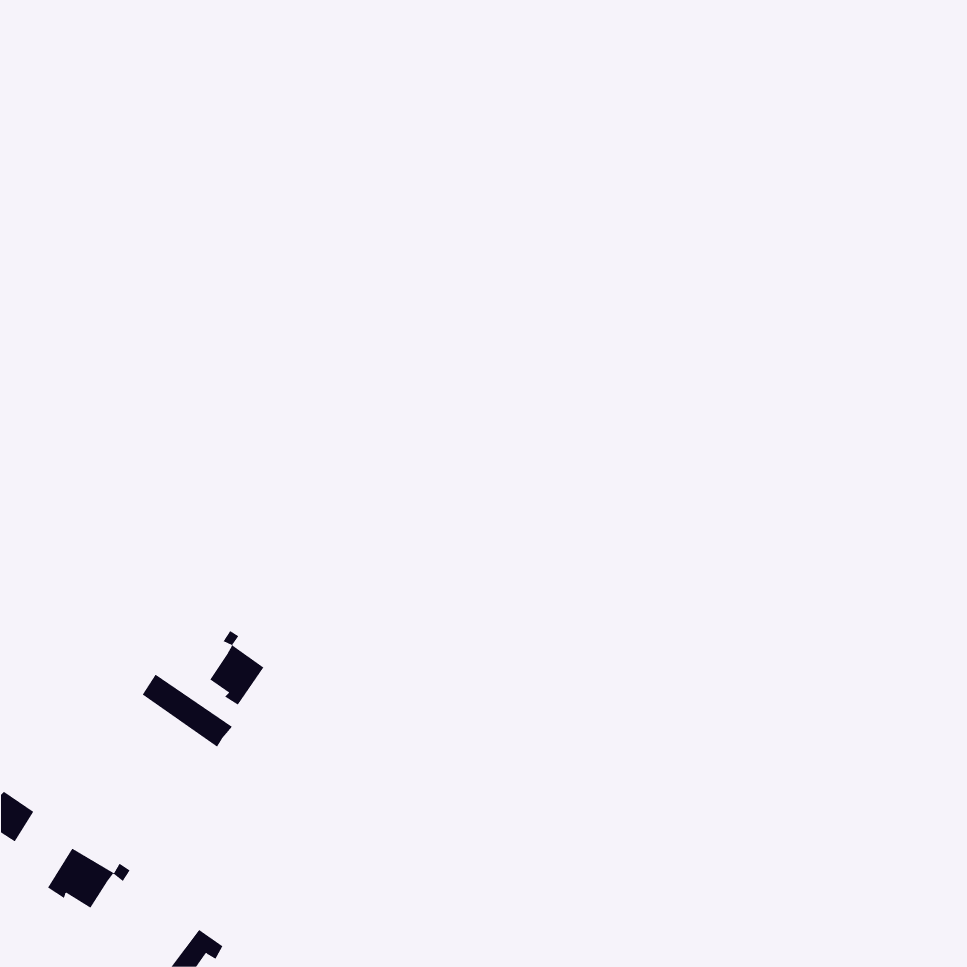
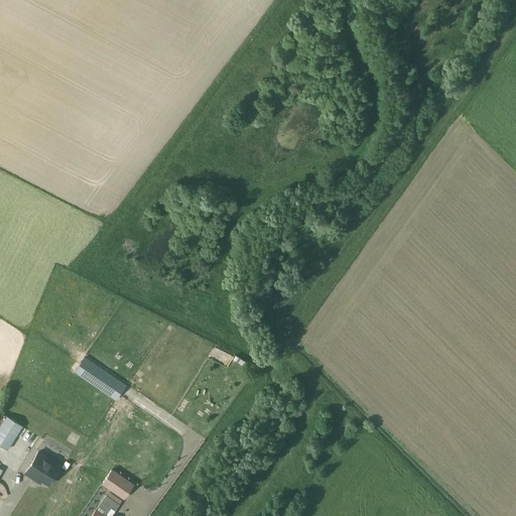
building: [209,630,264,705] -> none
building: none -> [103,470,134,498]

